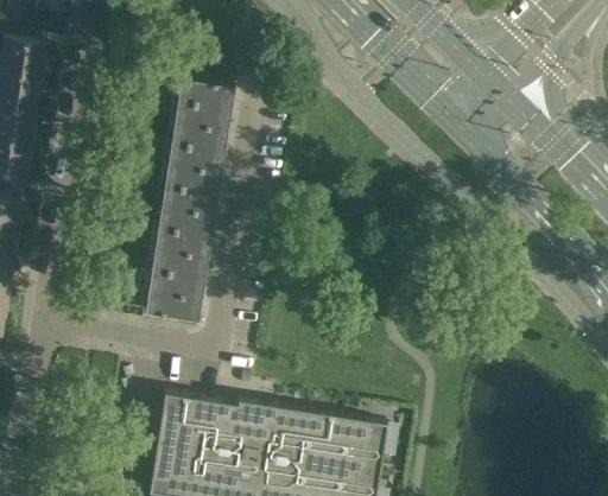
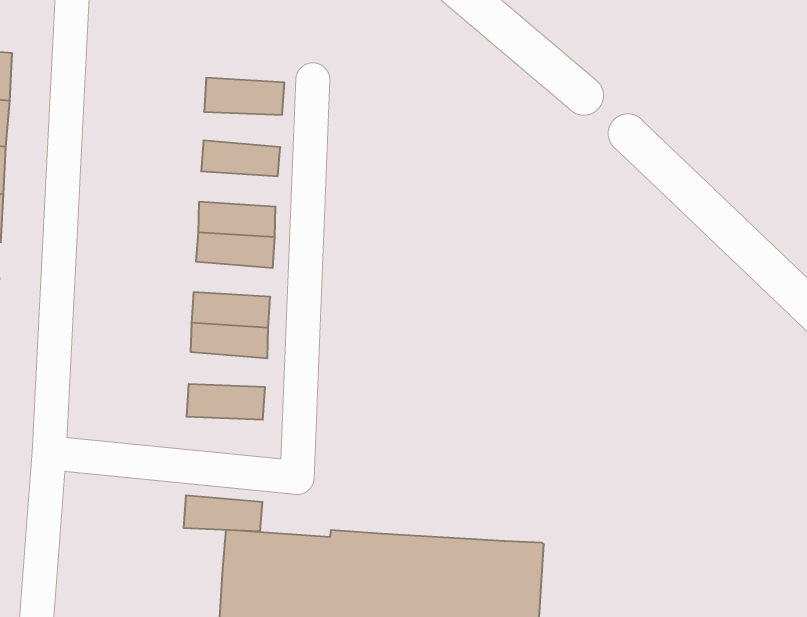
building: [175,101,232,131] -> none
building: [167,142,224,172] -> none
building: [158,205,215,235] -> none
building: [148,268,205,298] -> [184,496,263,531]

